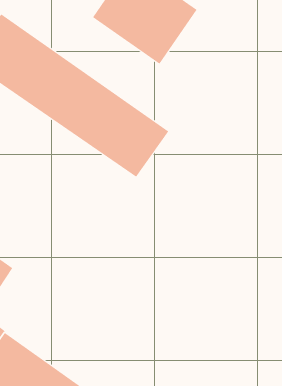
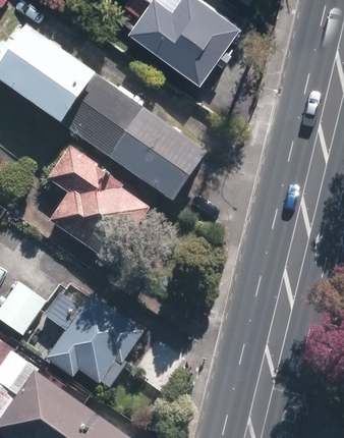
building: none -> [46,146,154,267]
building: none -> [42,291,146,384]

